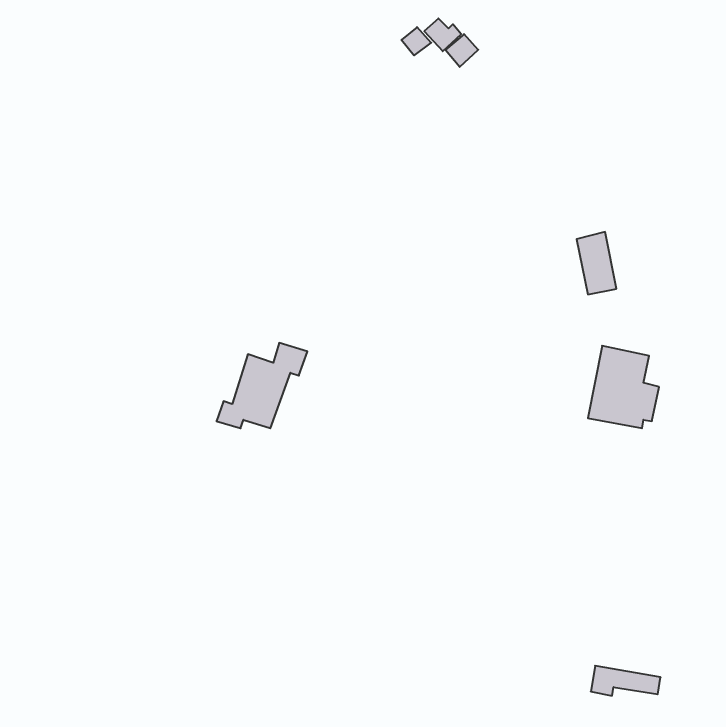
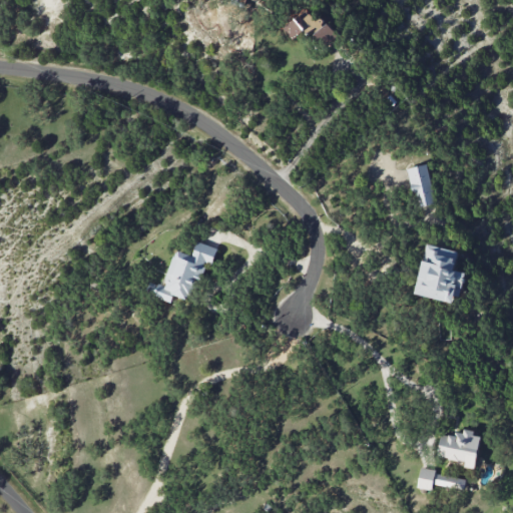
building: none -> [436,429,480,468]

